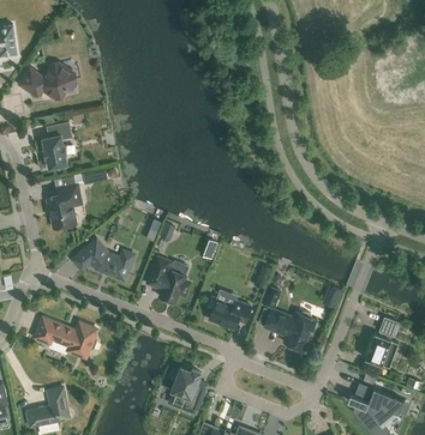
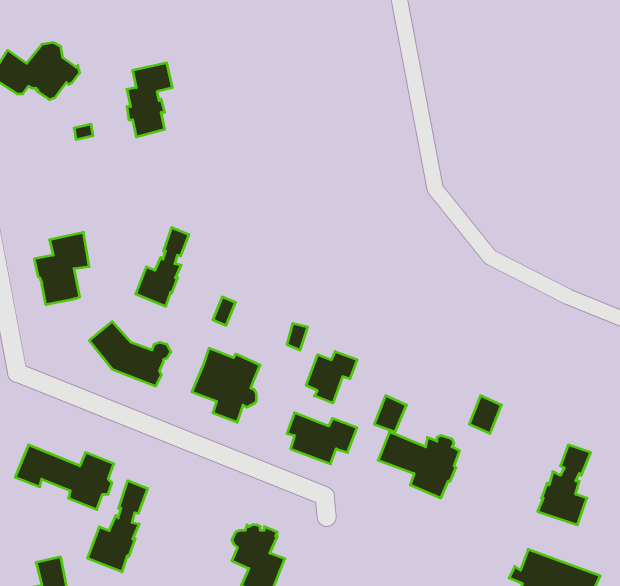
building: [42,122,71,169] -> [127,63,172,137]
building: none -> [136,227,189,306]
building: none -> [306,351,357,403]
building: none -> [88,481,148,572]

